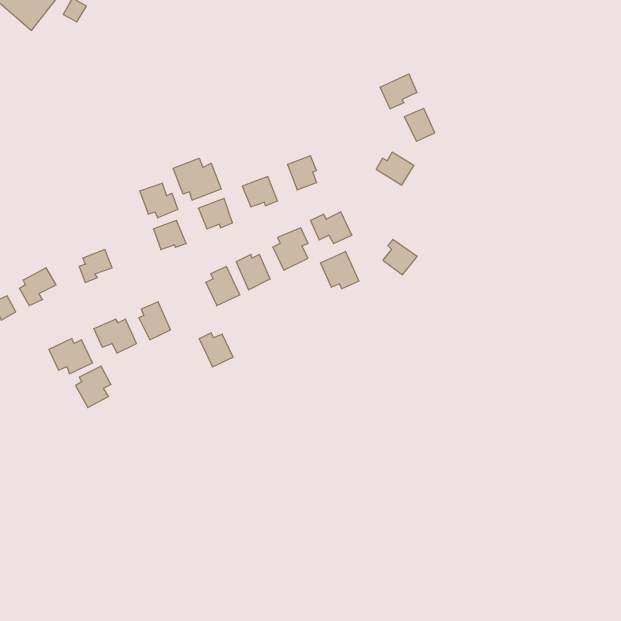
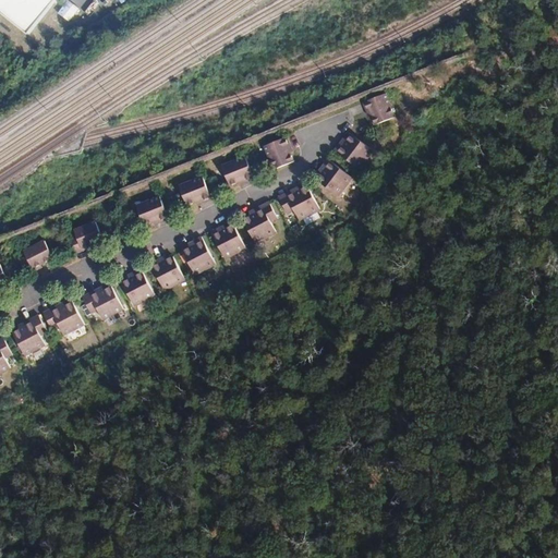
building: [380,74,417,109] -> none
building: [173,158,221,200] -> none
building: [140,183,178,218] -> none
building: [383,239,417,275] -> [322,161,352,193]
building: [320,251,359,289] -> none
building: [199,333,233,367] -> [150,258,181,289]
building: [76,366,111,408] -> [14,316,46,353]

